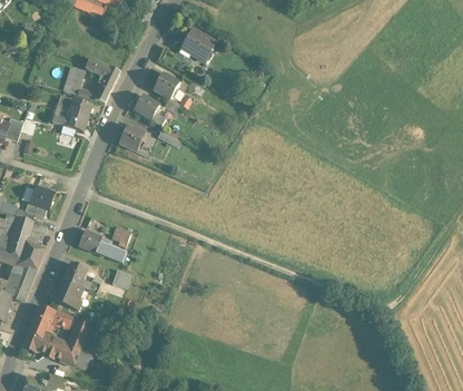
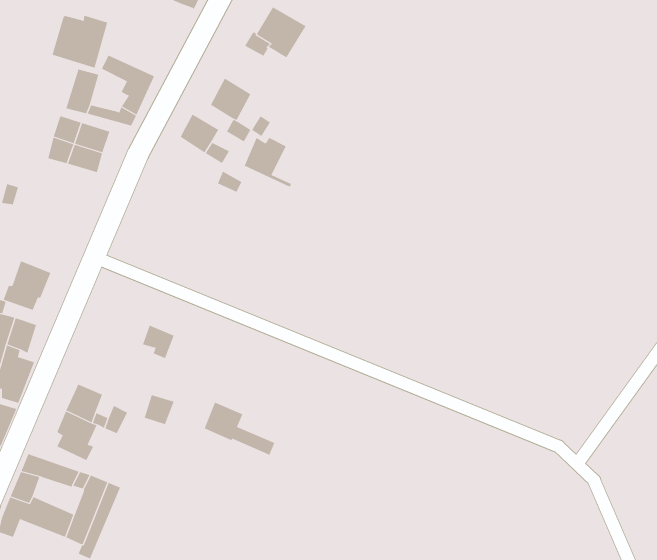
building: none -> [52,14,108,68]
building: [118,125,148,156] -> [244,137,292,187]
building: [77,228,121,262] -> [204,402,275,455]

